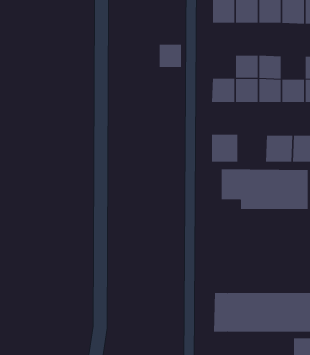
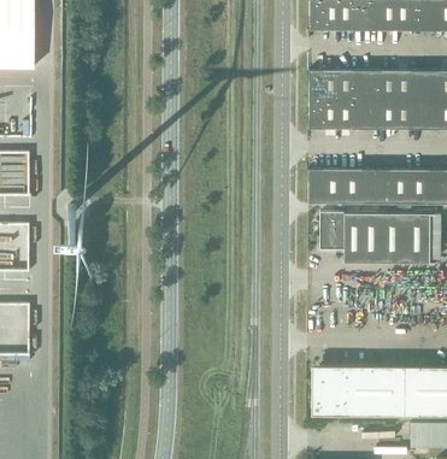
building: [159,44,182,67] -> [311,70,340,99]
building: none -> [398,71,427,100]
building: none -> [343,169,378,204]

